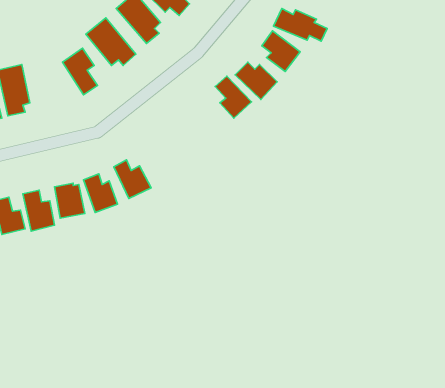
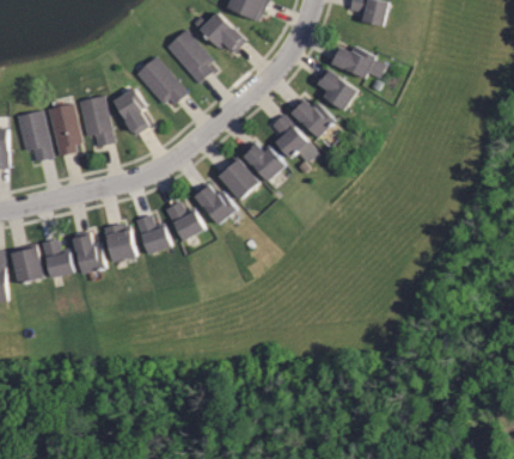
building: none -> [79,96,116,147]
building: none -> [243,142,284,180]
building: none -> [219,159,258,200]
building: none -> [192,184,235,225]

